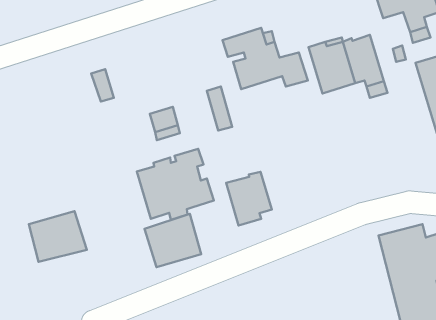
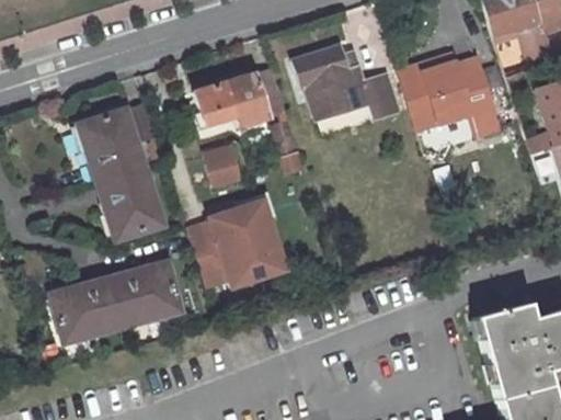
building: none -> [195,68,287,134]
building: none -> [78,106,162,237]
building: [226,172,272,226] -> none
building: [144,214,201,267] -> [107,259,179,326]

